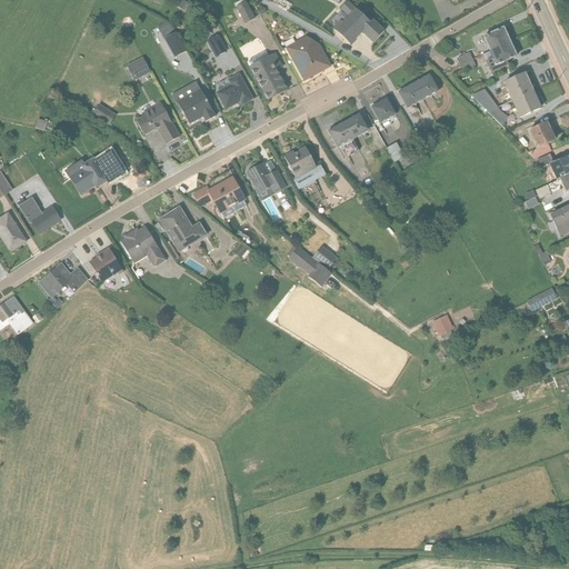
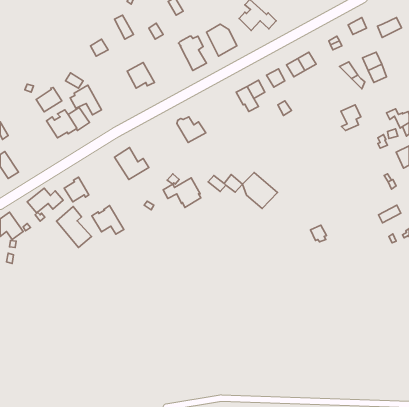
building: [482,39,516,67] -> [377,17,401,37]
building: [214,72,251,107] -> none
building: [136,100,179,141] -> [70,85,101,115]
building: [527,120,555,156] -> [341,105,361,130]
building: none -> [36,87,62,112]
building: [283,144,326,188] -> none
building: [193,176,246,217] -> [163,178,201,207]
building: [16,194,60,230] -> none
building: [120,224,164,264] -> [92,205,124,234]
building: none -> [243,173,277,208]
building: none -> [56,206,91,248]

